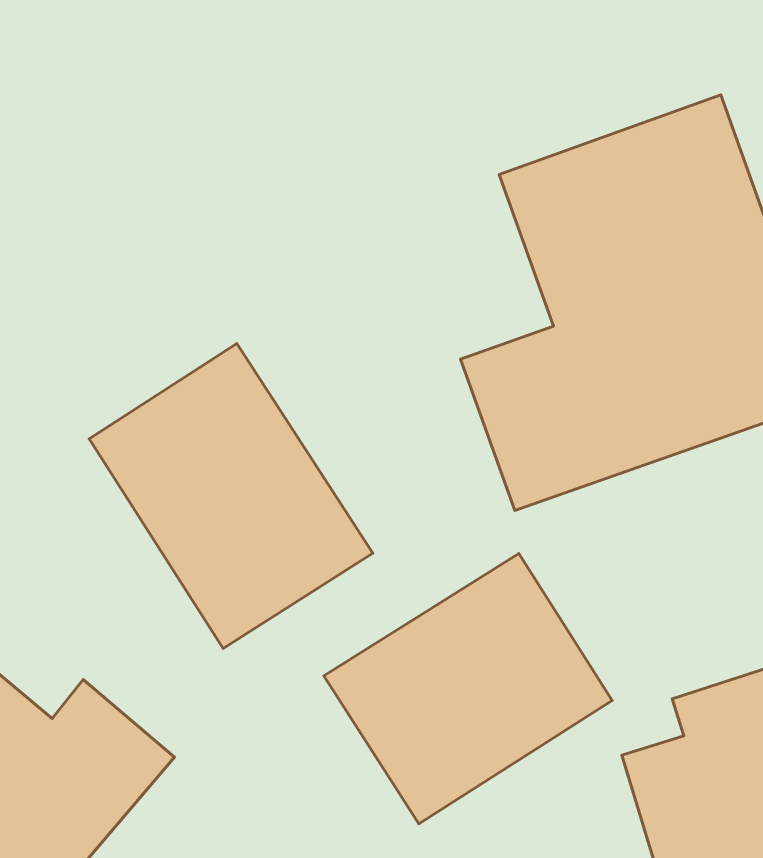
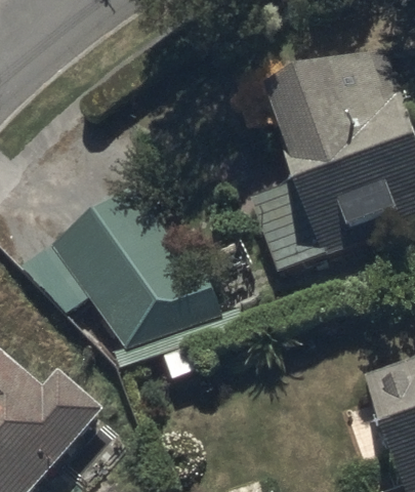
building: [324,553,612,824] -> none

